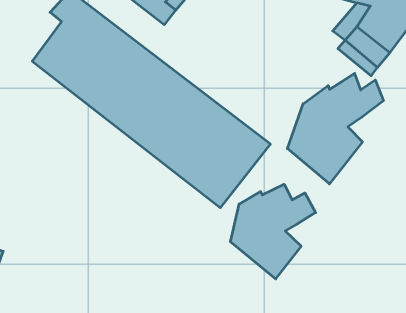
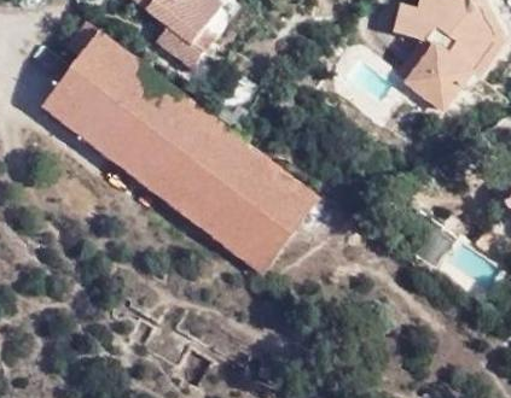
building: [287,73,383,184] -> none
building: [230,184,316,279] -> none

